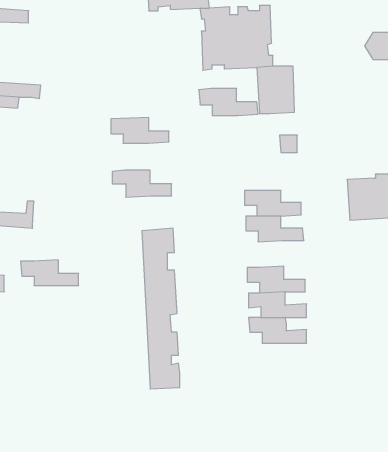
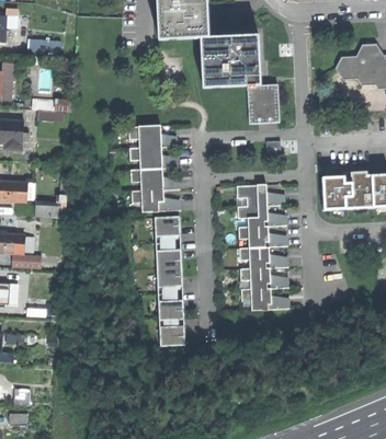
building: [199,88,258,115] -> [128,147,177,169]
building: none -> [238,226,285,247]
building: [21,260,79,286] -> [130,189,178,210]

